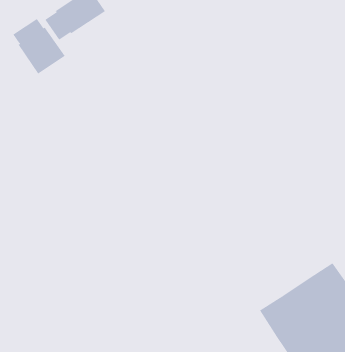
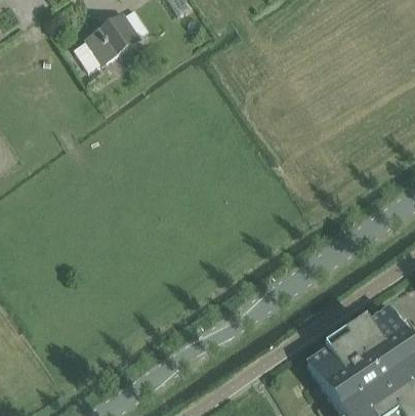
building: [13,18,65,74] -> none

